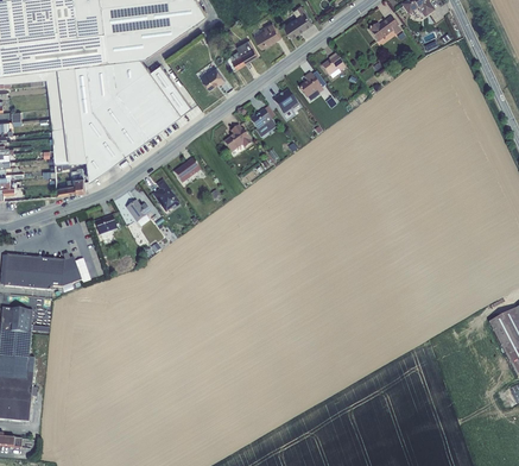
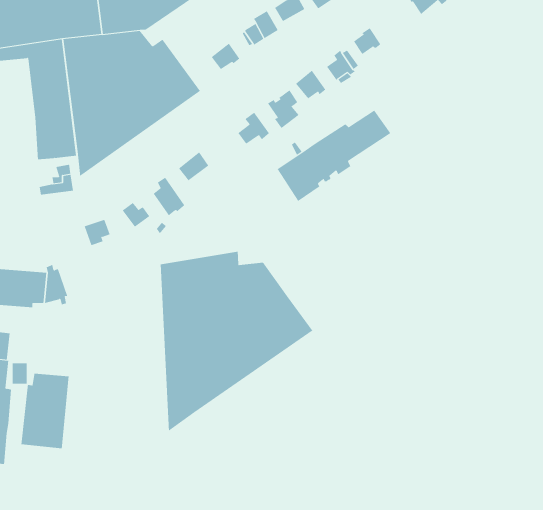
building: none -> [277,109,391,202]
building: none -> [160,251,313,432]
building: none -> [21,373,69,449]

